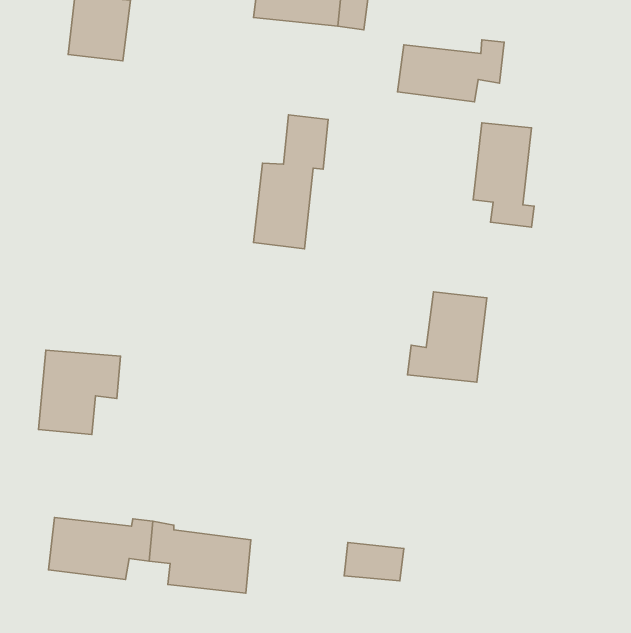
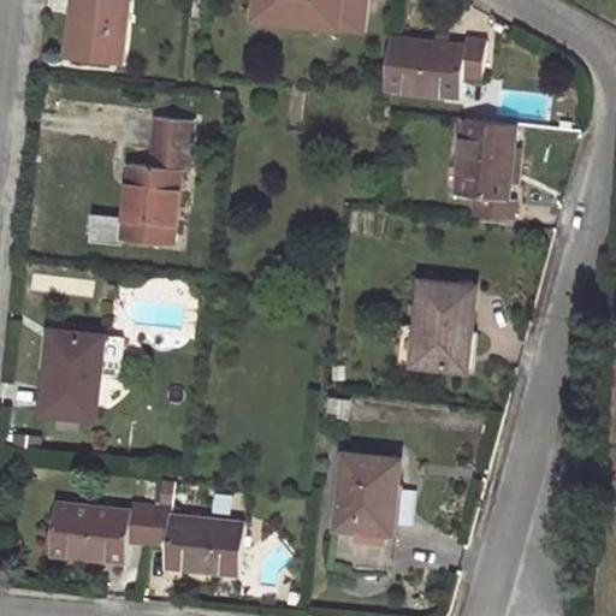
building: [254,115,328,249] -> [118,117,190,247]
building: none -> [337,454,402,532]

